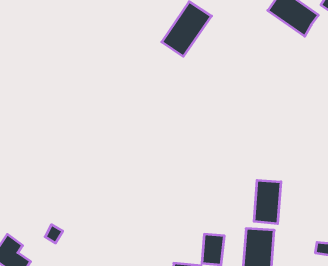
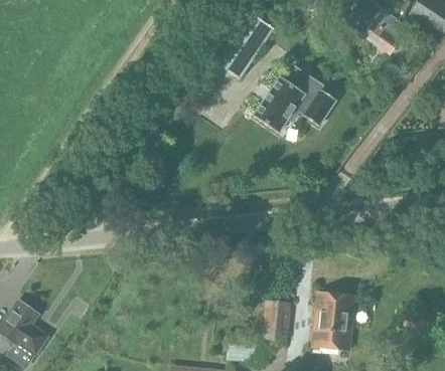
building: none -> [254,65,335,134]
building: [254,180,281,224] -> none

